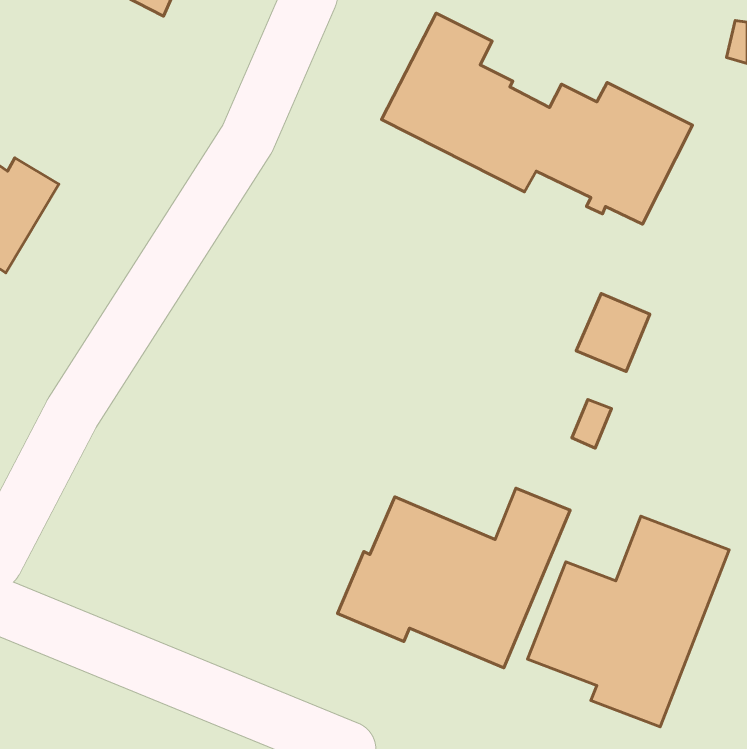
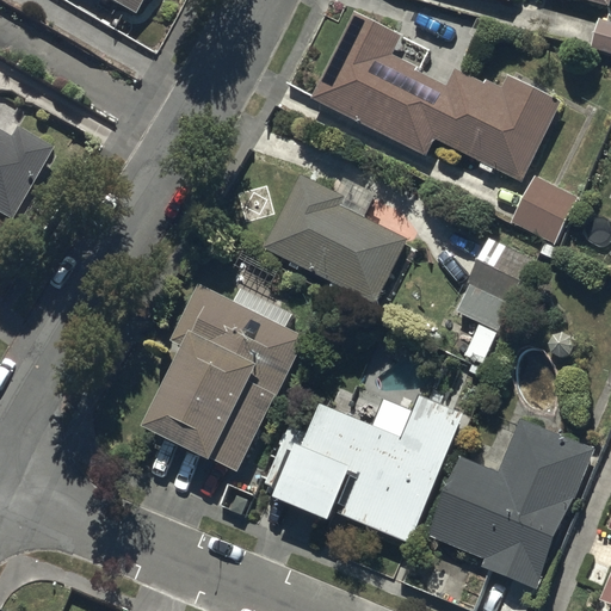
building: none -> [264,174,406,301]
building: none -> [511,174,578,258]
building: none -> [143,284,304,473]

